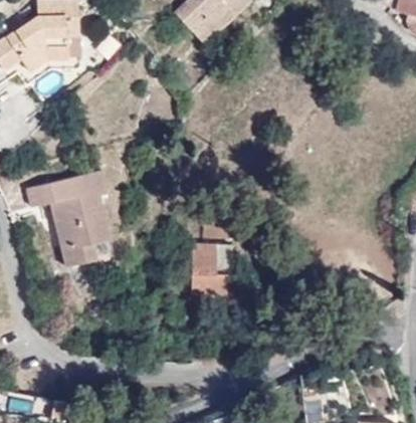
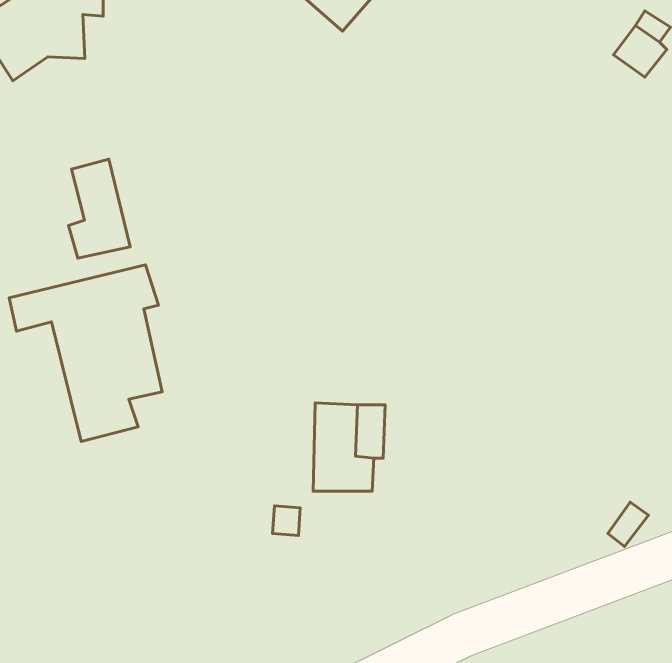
building: none -> [69,159,130,258]

